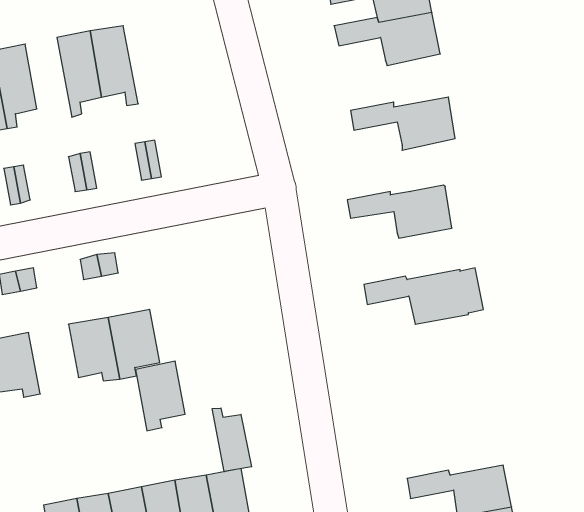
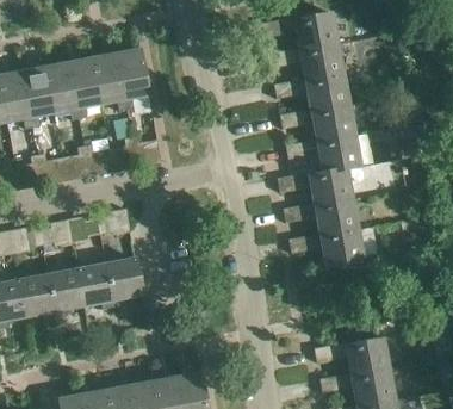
building: none -> [117,47,149,107]
building: none -> [46,60,80,118]
building: none -> [274,72,350,110]
building: none -> [286,132,361,171]
building: none -> [284,197,359,234]
building: [135,361,185,431] -> [49,266,85,316]
building: [212,408,252,472] -> none
building: none -> [315,336,390,374]

